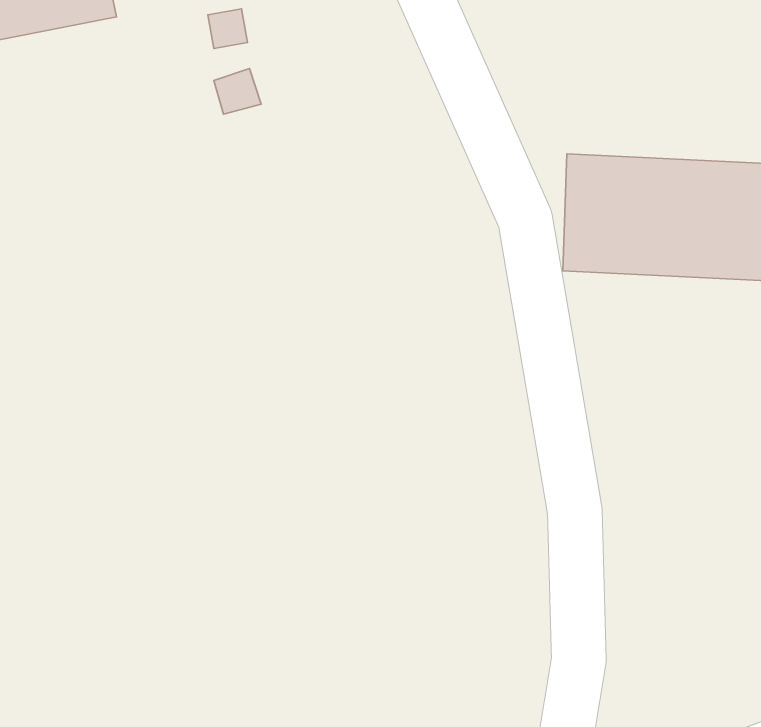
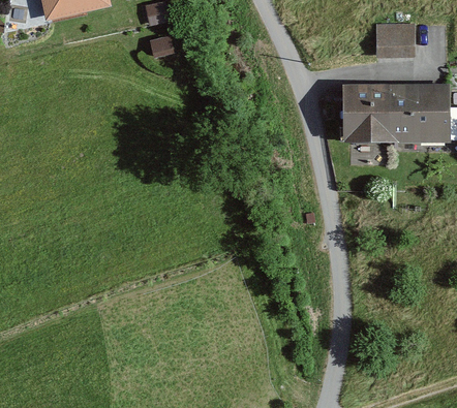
building: none -> [380,20,418,57]

